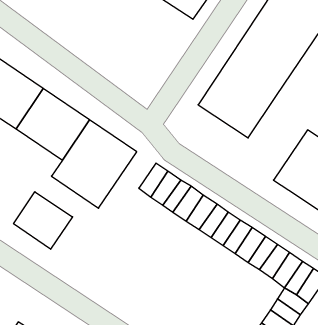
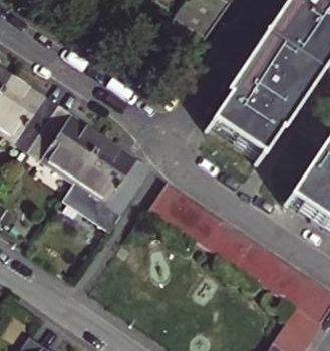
building: [14,192,73,249] -> none

